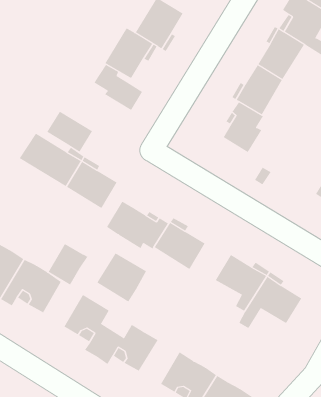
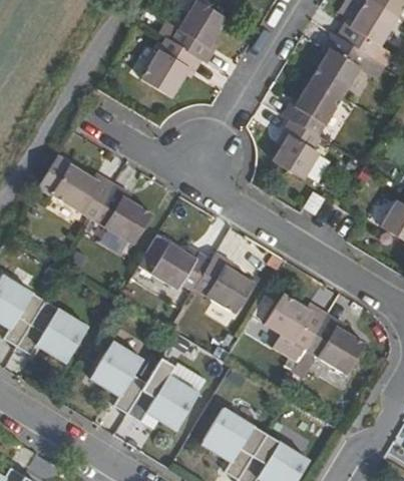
building: [94,64,143,111] -> none
building: [47,111,93,152] -> none
building: [48,243,88,285] -> none
building: [97,252,147,302] -> none

